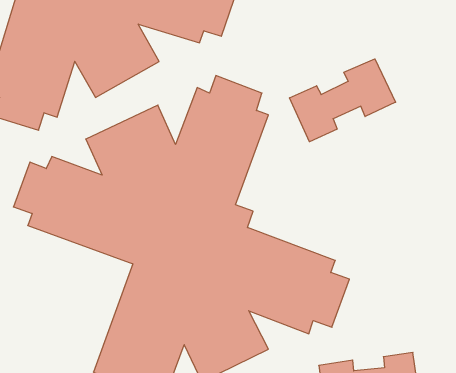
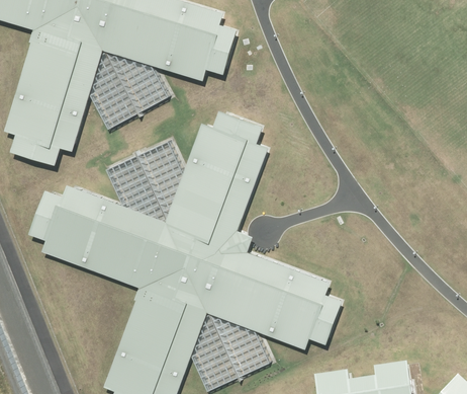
building: [290,59,396,142] -> none

